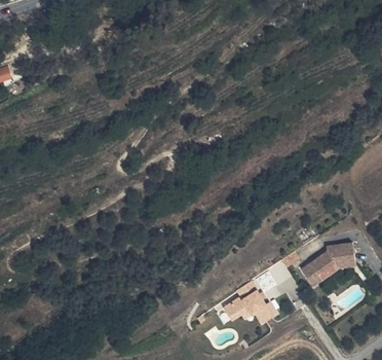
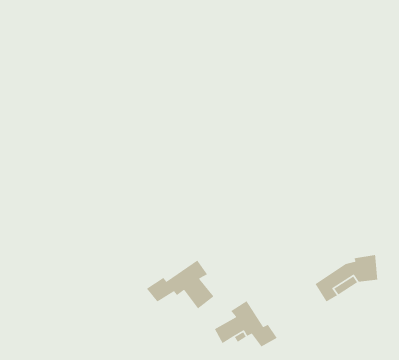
building: none -> [146,259,215,309]

